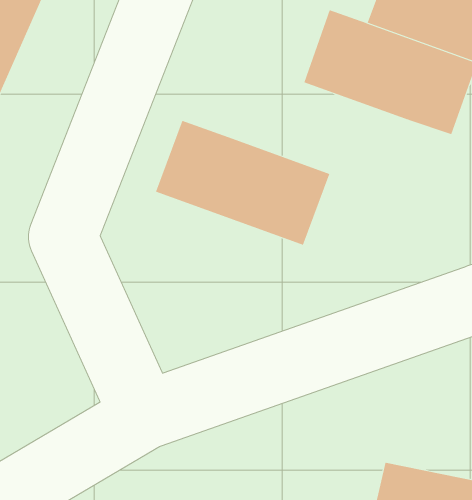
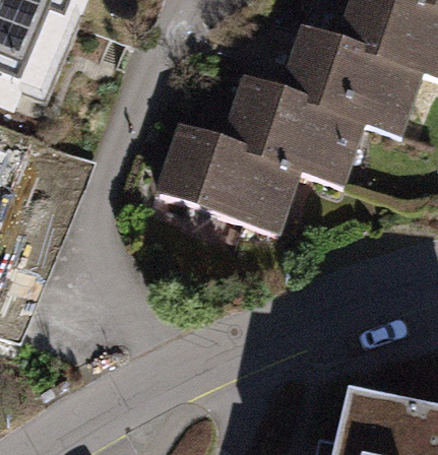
building: none -> [227,73,373,178]

